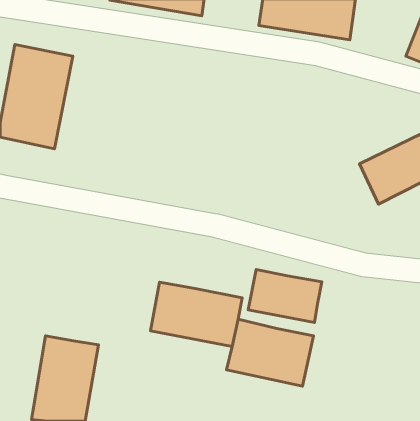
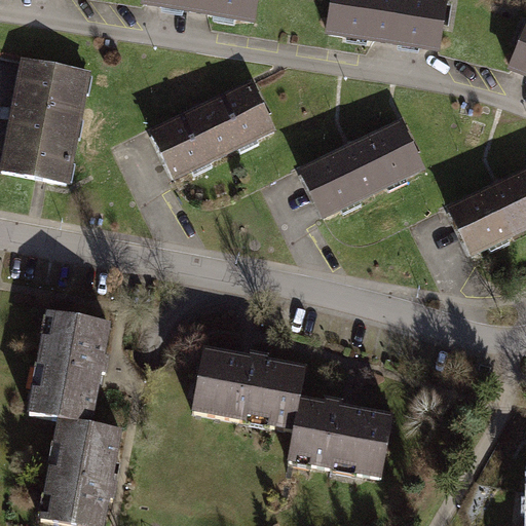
building: none -> [147,80,274,180]
building: none -> [297,117,423,216]
building: none -> [31,313,111,423]
building: [248,269,322,323] -> none

